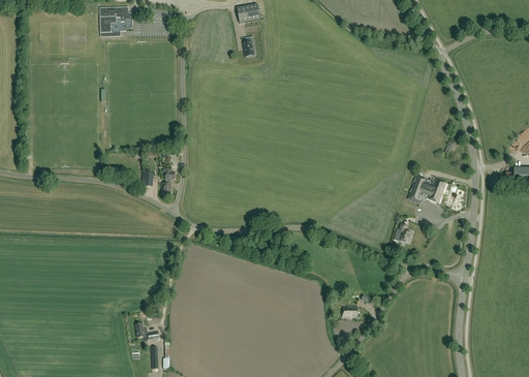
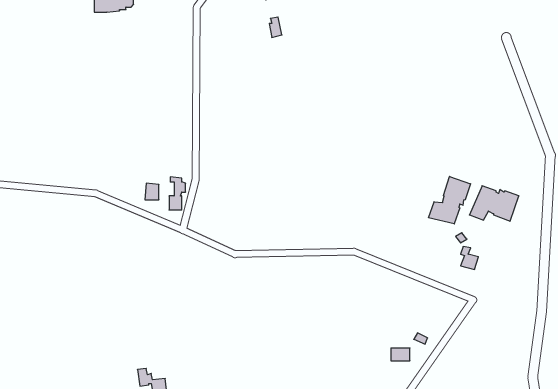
building: none -> [429,176,471,224]

